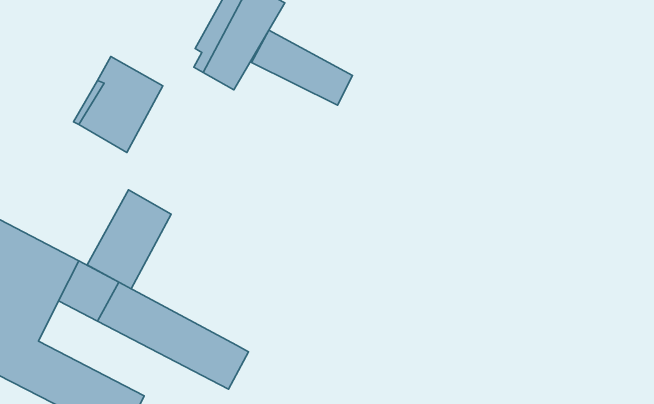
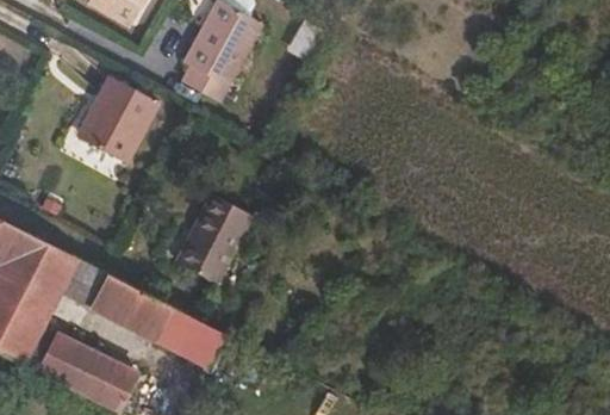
building: [251,30,352,105] -> none
building: [87,190,171,289] -> [172,191,247,279]

